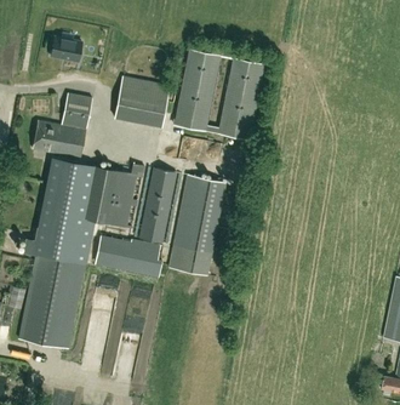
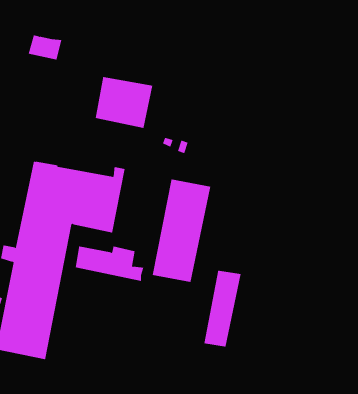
building: [173,49,264,138] -> none
building: [32,93,92,161] -> none
building: [139,167,176,241] -> [204,270,241,347]

